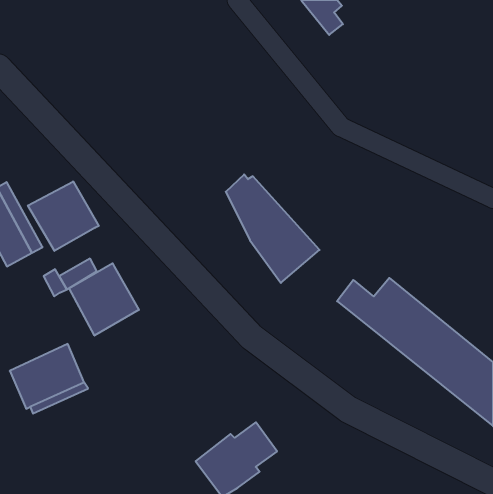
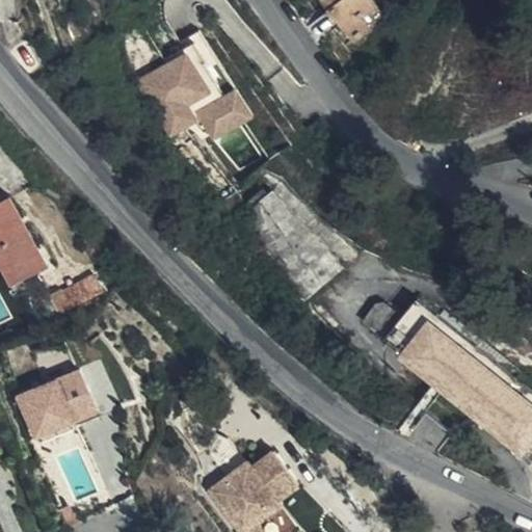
building: none -> [133,42,255,140]
building: [28,181,99,251] -> none
building: [69,263,139,336] -> none

